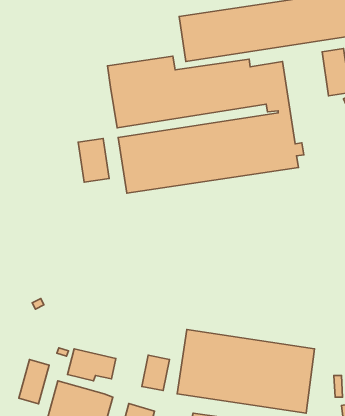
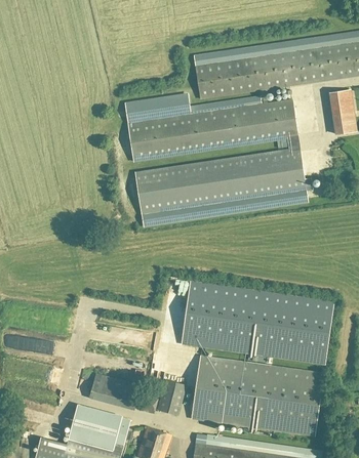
building: [78,138,109,182] -> none
building: none -> [181,282,332,364]
building: [19,360,49,404] -> none

